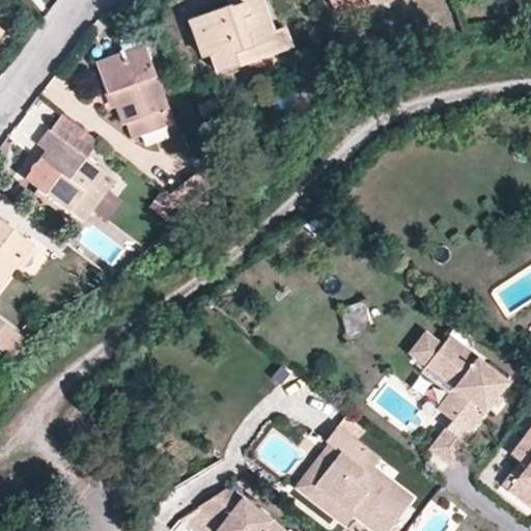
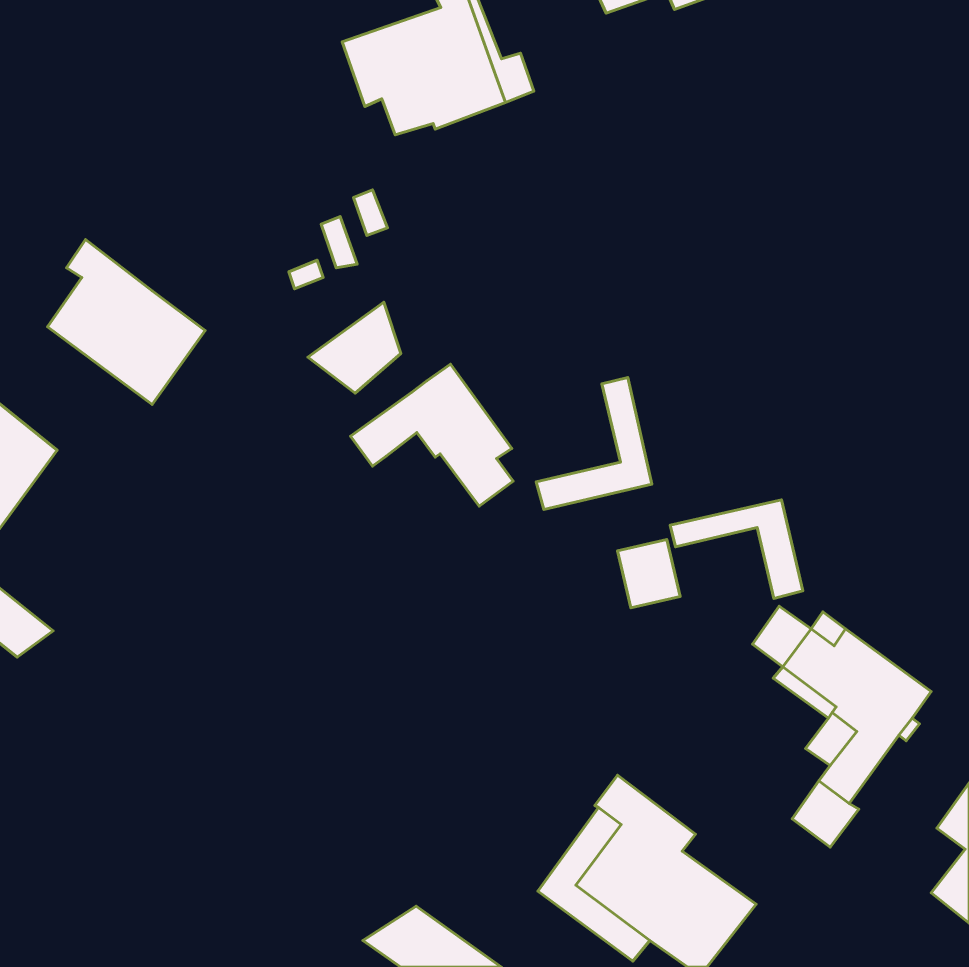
building: [99,46,171,140] -> none
building: [47,114,95,159] -> none
building: none -> [350,364,513,506]
building: none -> [536,378,652,509]
building: none -> [670,500,803,599]

